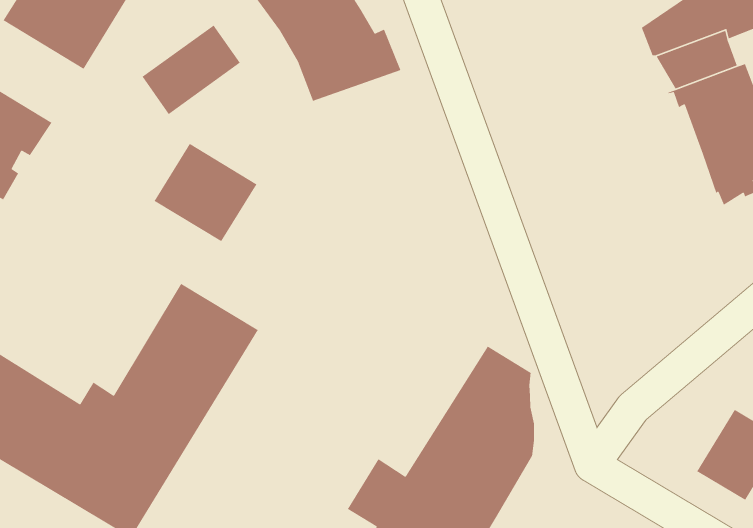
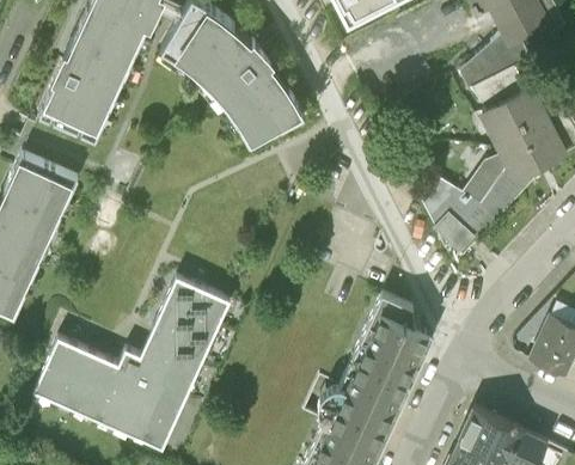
building: [142,24,241,115] -> none
building: [154,143,257,242] -> none
building: none -> [422,151,527,251]

